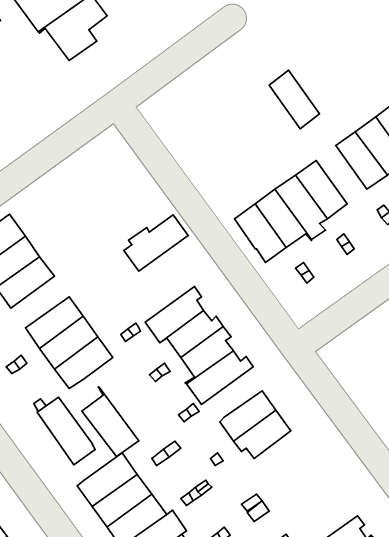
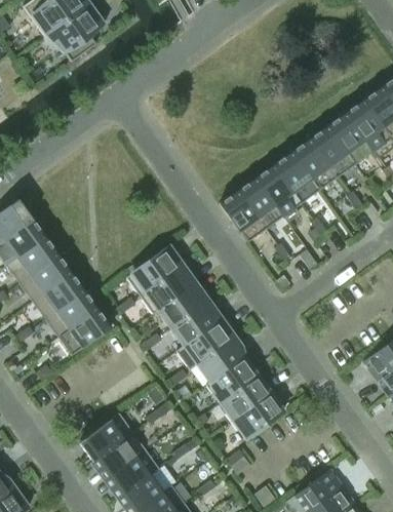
building: [269,70,320,129] -> [293,137,339,190]
building: [124,215,188,271] -> [127,245,185,296]
building: none -> [21,254,73,301]
building: none -> [191,336,245,381]
building: [82,387,139,457] -> none
building: [37,397,95,465] -> none
building: none -> [238,393,284,439]

